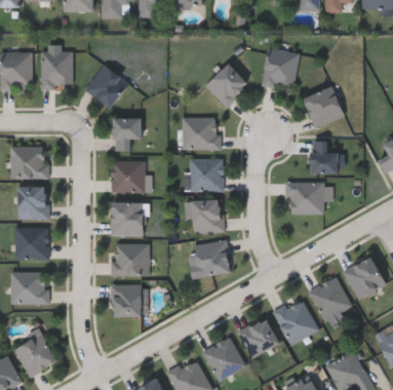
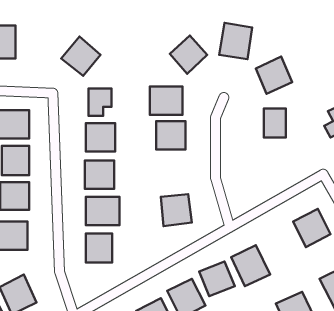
building: [41,50,72,87] -> none
building: [287,182,324,215] -> none
building: [193,201,224,233] -> none
building: [311,278,352,320] -> none

